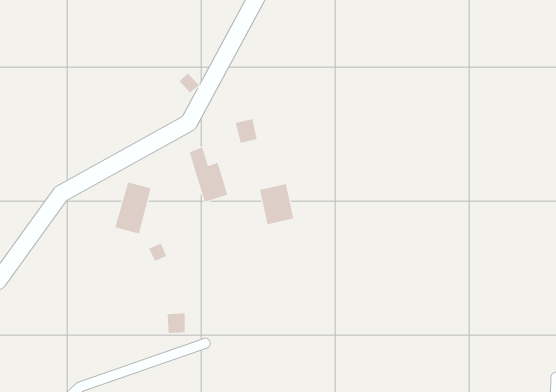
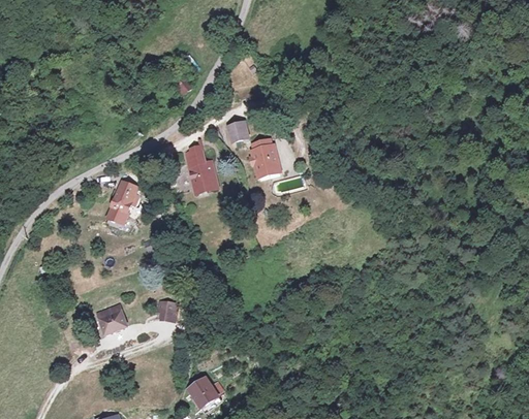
building: [259,183,294,225] -> [244,138,277,178]
building: none -> [95,302,131,336]

